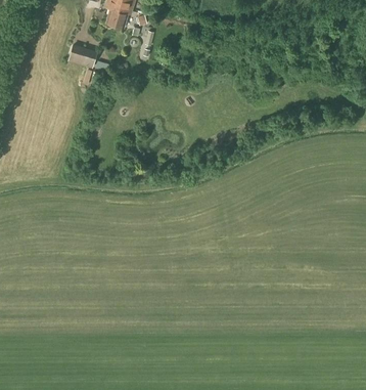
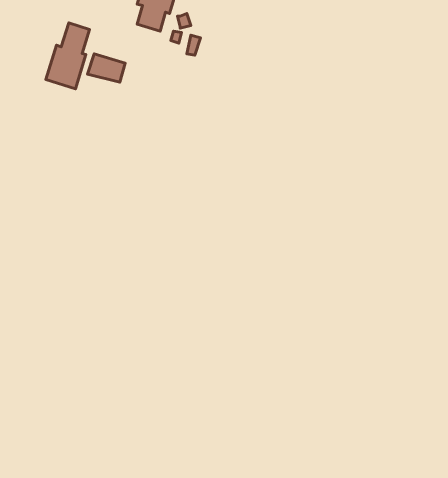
building: none -> [46,23,90,89]

